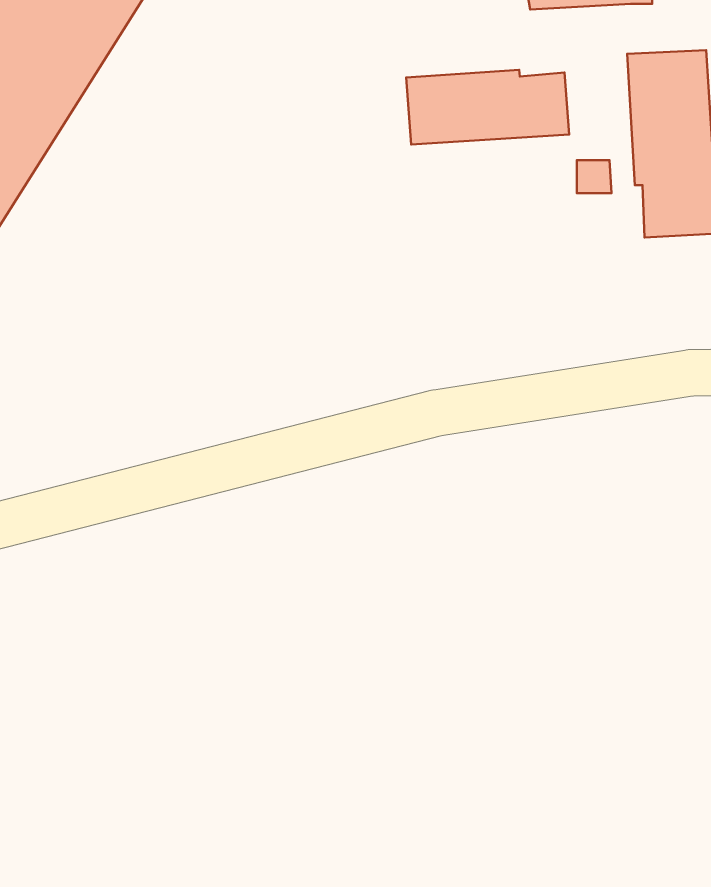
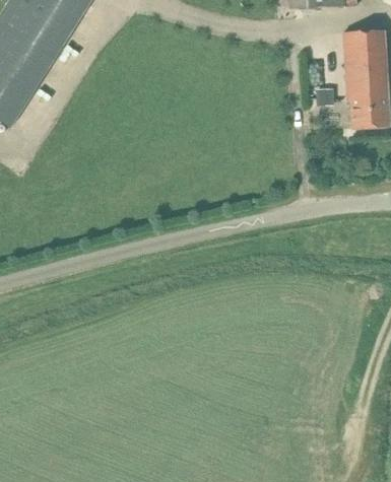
building: [406,70,569,145] -> none

